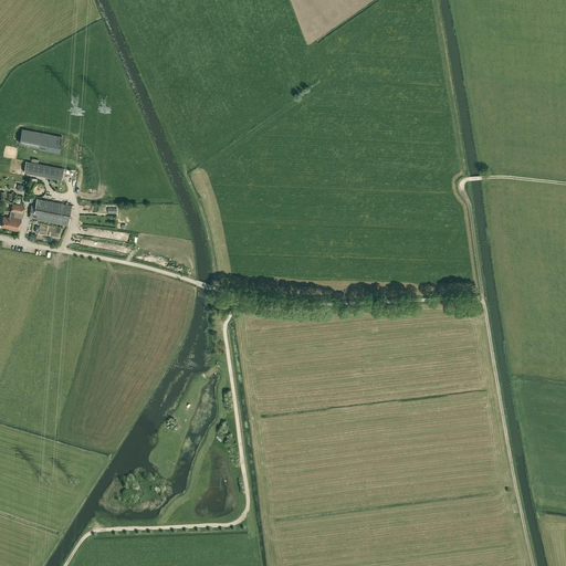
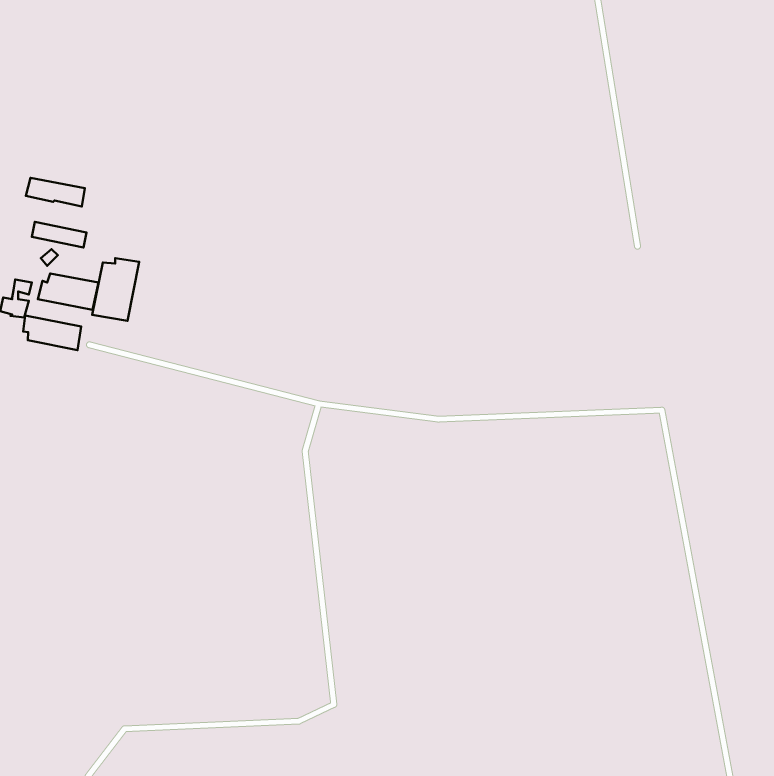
building: none -> [92,258,139,321]
building: none -> [23,316,81,350]

